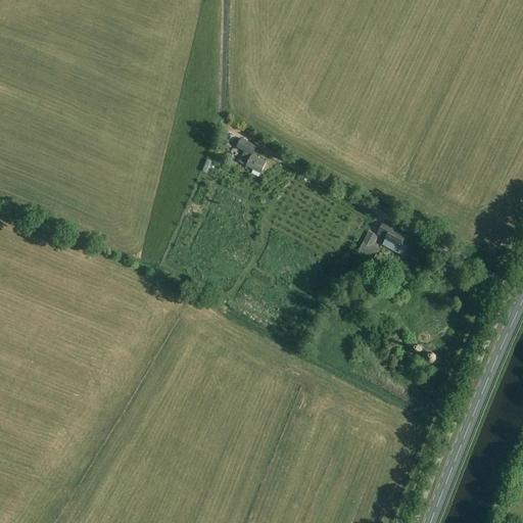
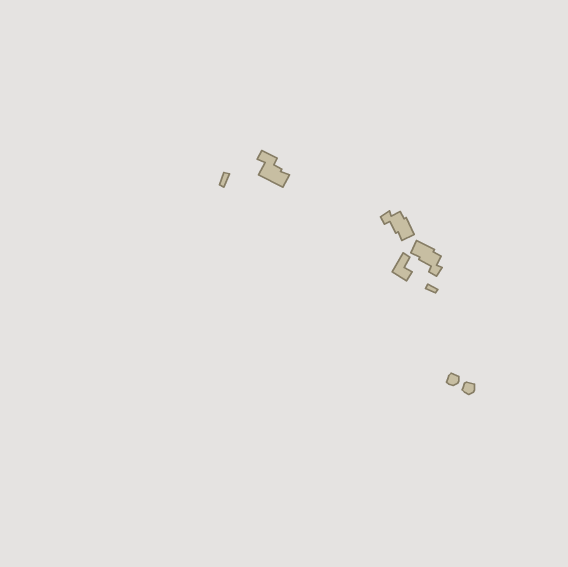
building: none -> [380,211,414,240]

